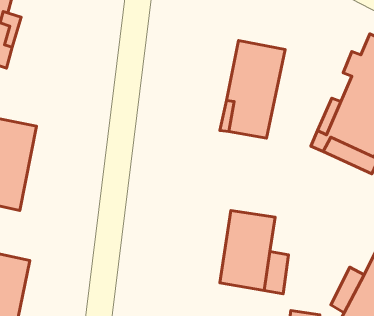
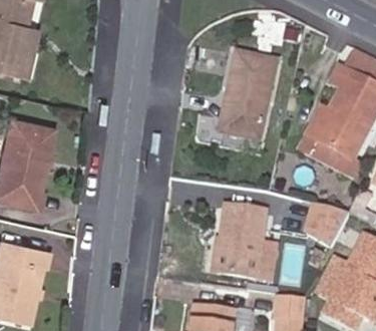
building: none -> [309,205,347,241]

